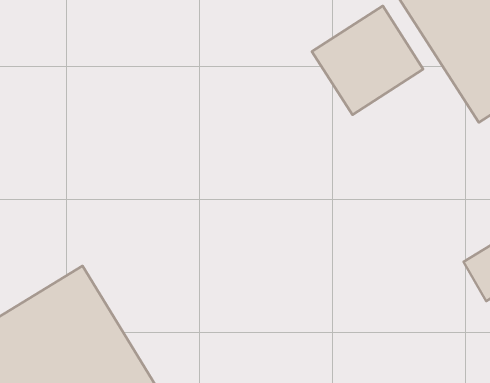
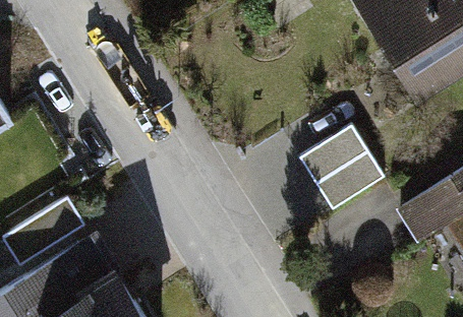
building: [312,6,423,115] -> [298,123,388,210]

